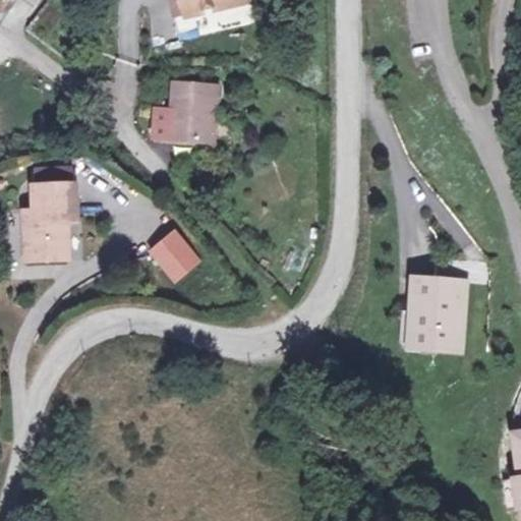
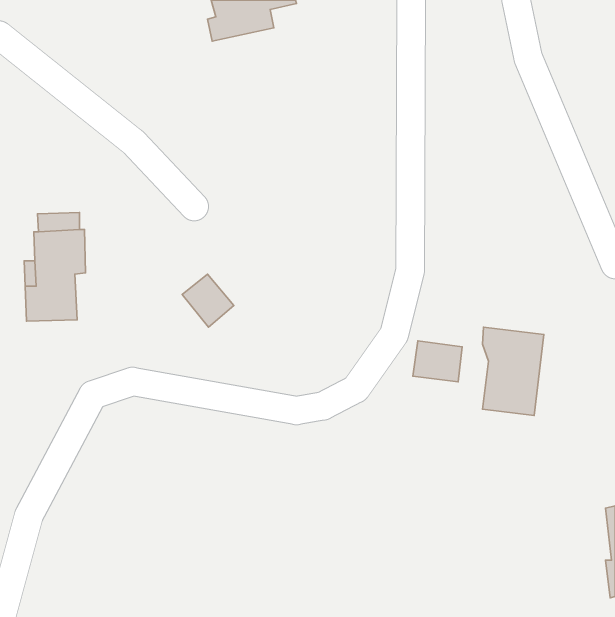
building: [162,79,226,137] -> none
building: none -> [413,341,462,382]

